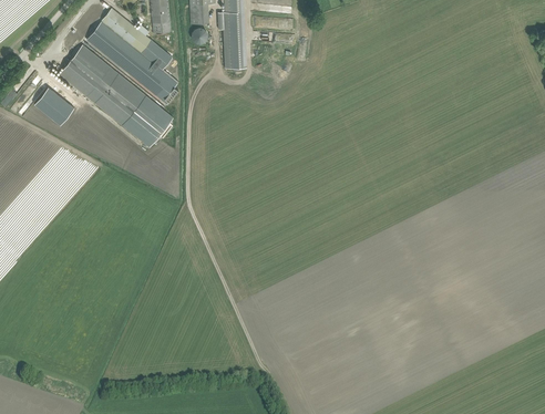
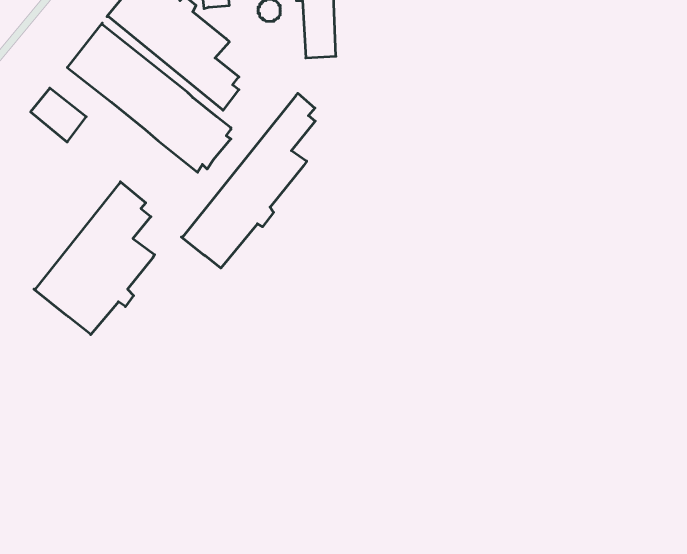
building: none -> [181,93,315,268]
building: none -> [34,182,155,335]

